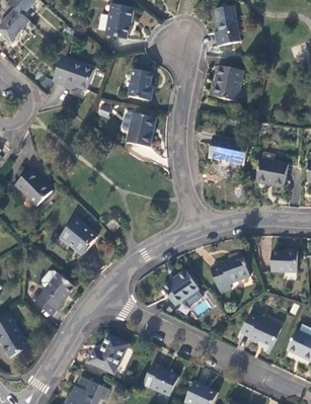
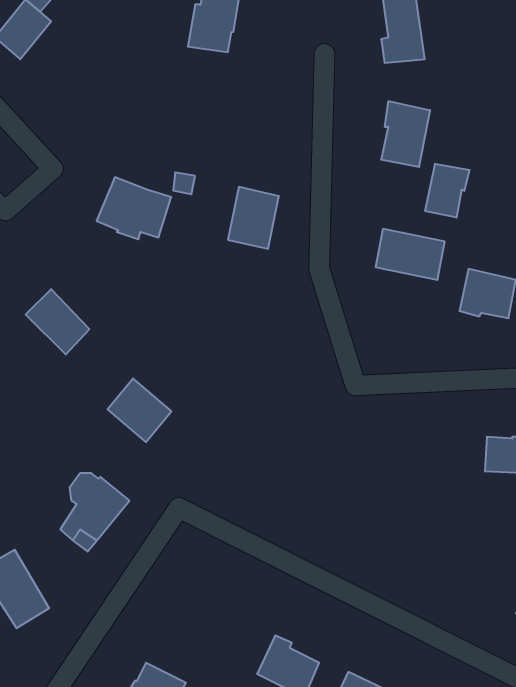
building: [52,57,93,91] -> [97,177,171,239]
building: [128,69,152,100] -> none
building: none -> [425,164,470,218]
building: [209,248,247,291] -> none
building: [161,269,199,306] -> none
building: [240,309,280,352] -> none
building: [89,335,128,373] -> none

